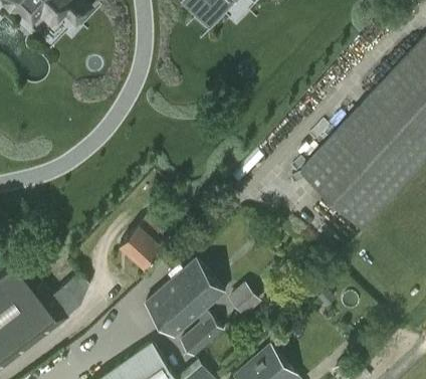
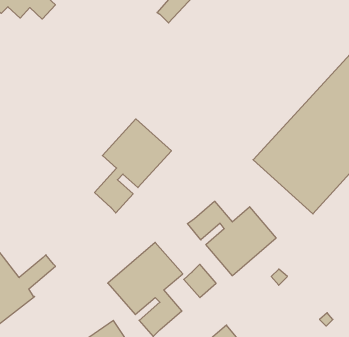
building: none -> [95,119,171,213]
building: none -> [187,201,276,276]
building: [119,225,161,267] -> none

